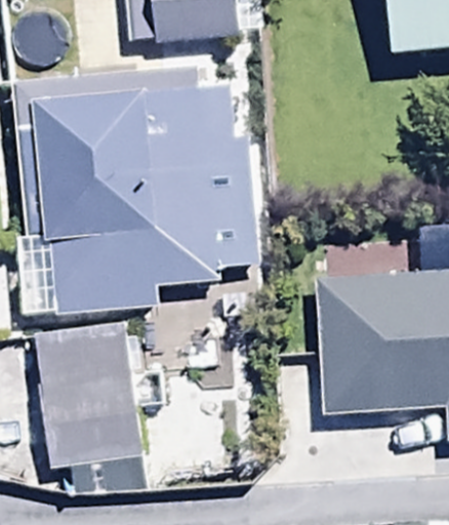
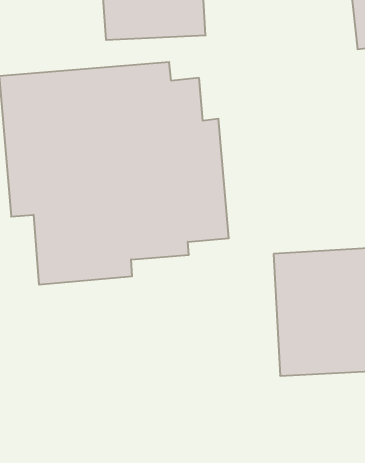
building: [34,321,146,471] -> none

